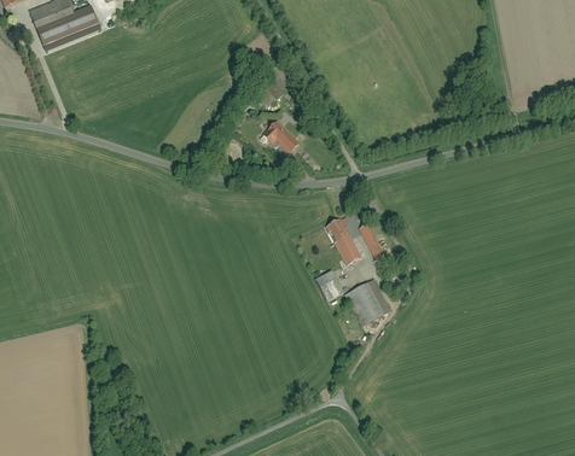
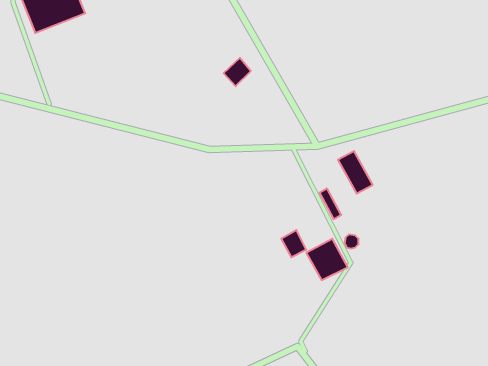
building: [263,117,302,153] -> none
building: [323,217,361,264] -> [338,151,373,193]

